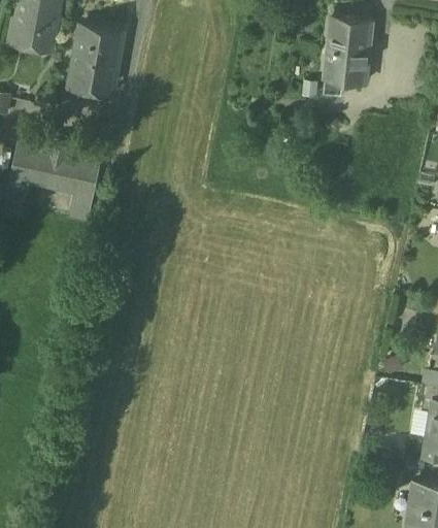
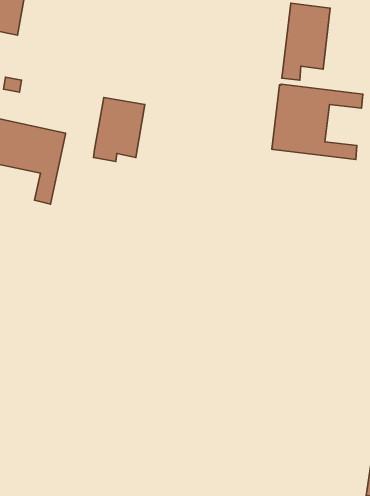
building: [70,26,123,92] -> [94,98,145,162]
building: none -> [272,84,363,160]

